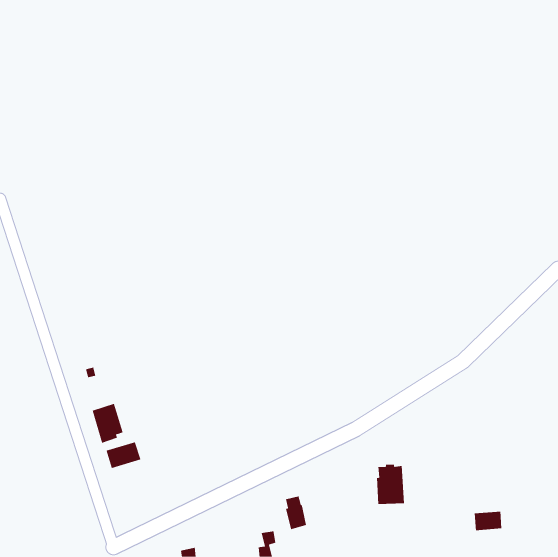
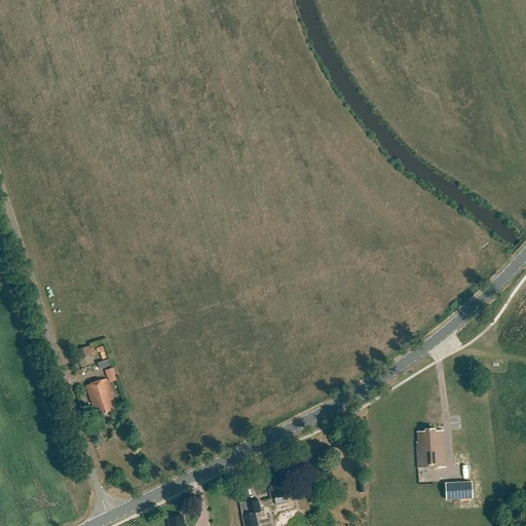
building: [106,441,141,469] -> none
building: [376,464,405,505] -> [418,429,445,467]

